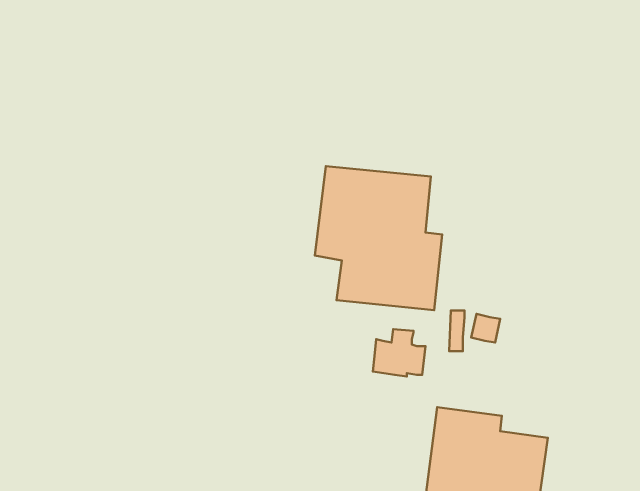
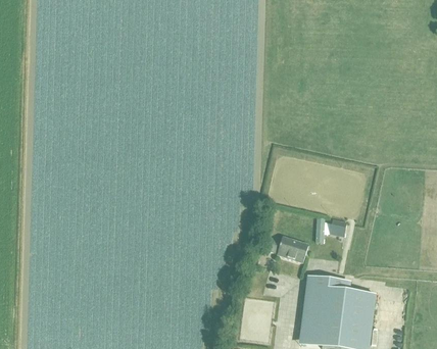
building: [315,166,442,310] -> none

